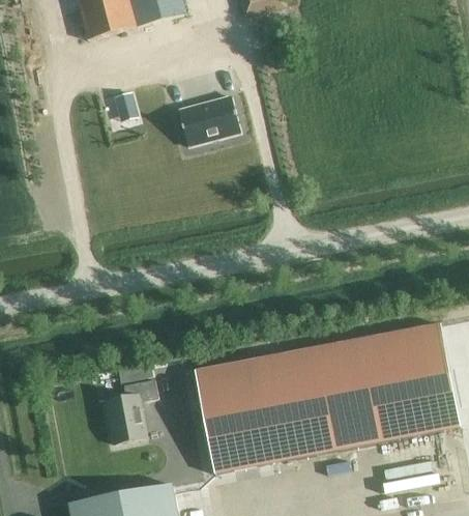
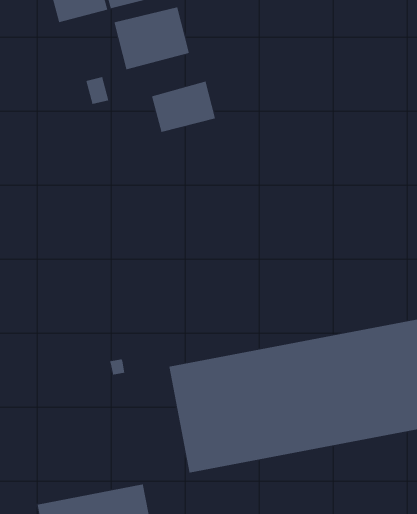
building: none -> [114,7,189,70]
building: [105,378,158,443] -> none

